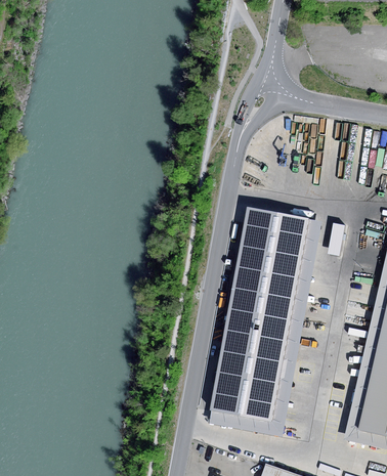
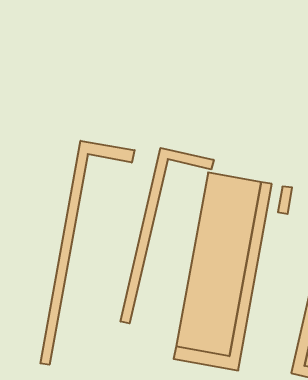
building: none -> [40,141,135,365]
building: none -> [121,148,214,323]

